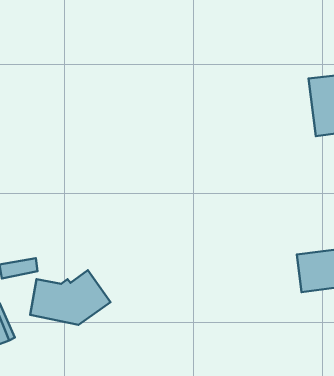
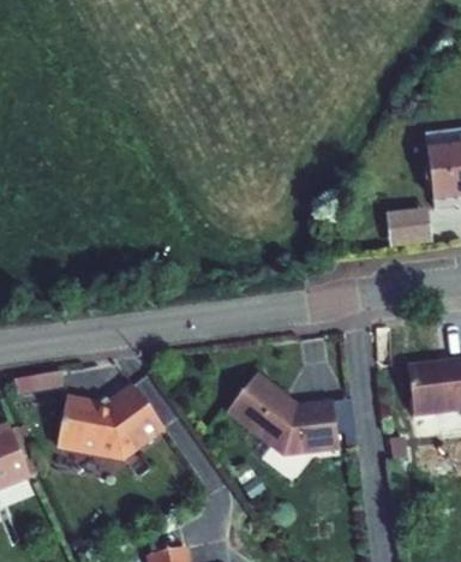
building: none -> [389,208,431,244]
building: none -> [226,373,337,455]

